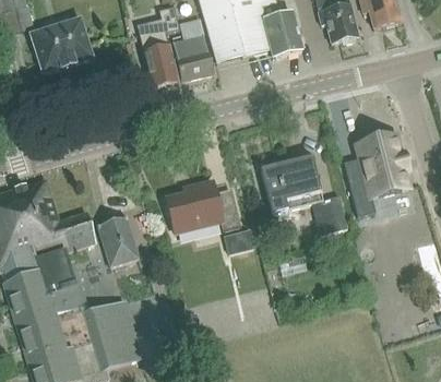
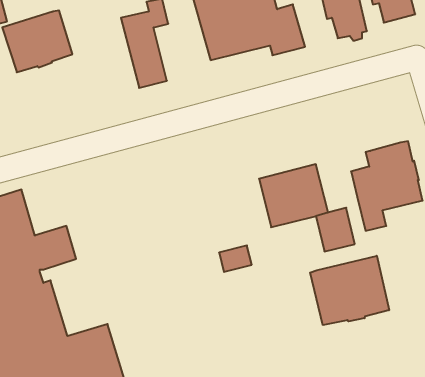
building: [172,20,213,80] -> none
building: [167,181,239,232] -> none
building: [98,216,139,266] -> none
building: none -> [310,256,389,325]

